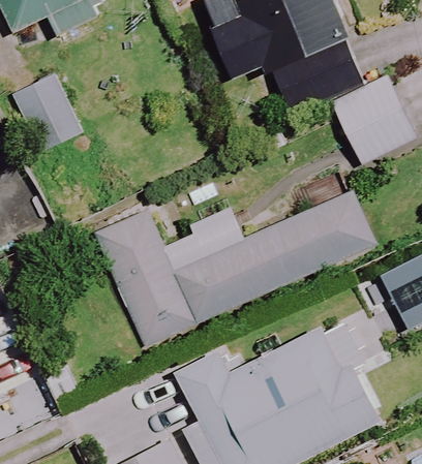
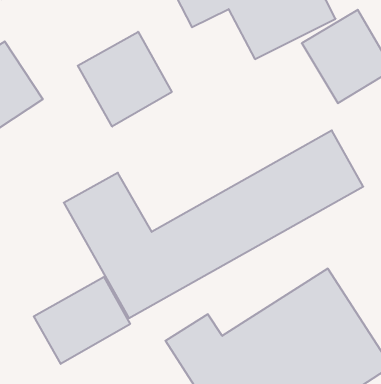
building: none -> [78,32,172,127]
building: none -> [34,277,130,364]

